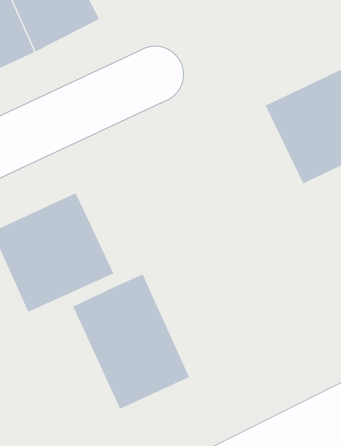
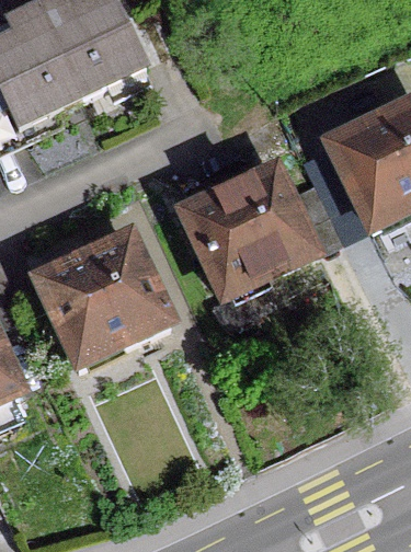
building: none -> [181,172,310,298]
building: [73,273,190,409] -> none

